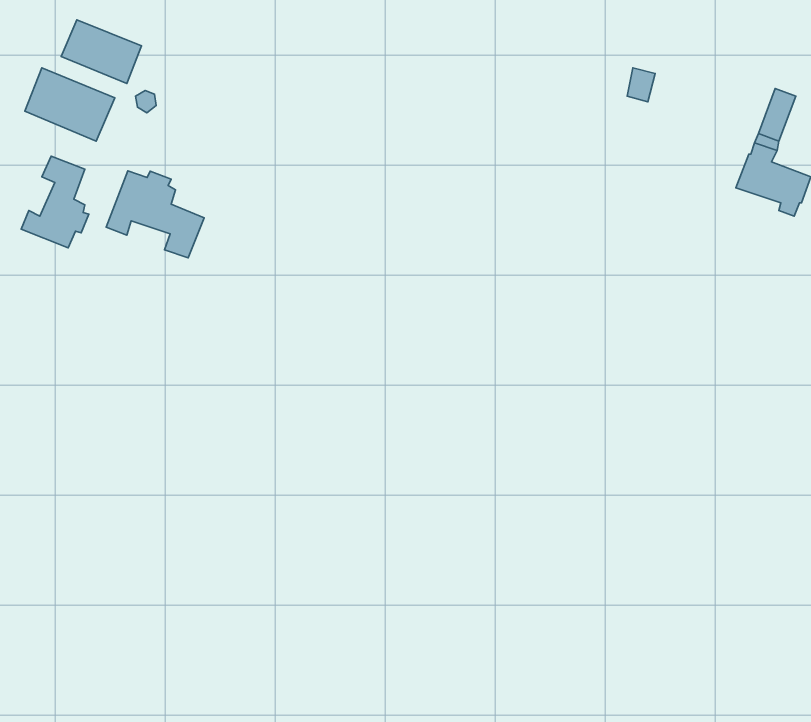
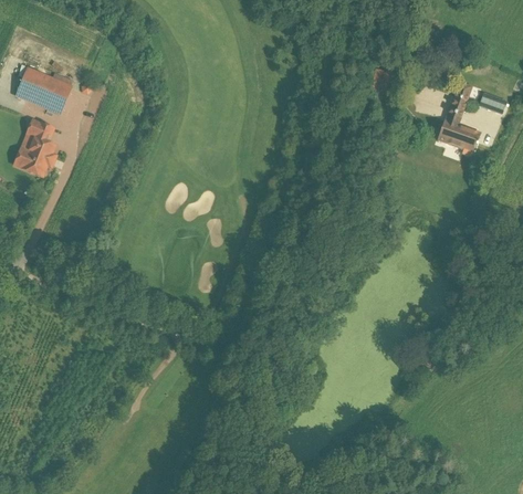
building: [61,20,141,83] -> none
building: [106,171,204,258] -> none

